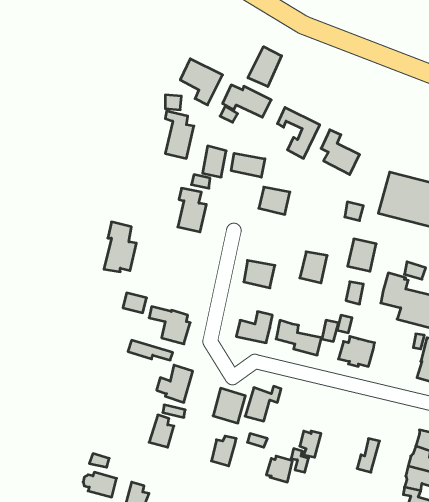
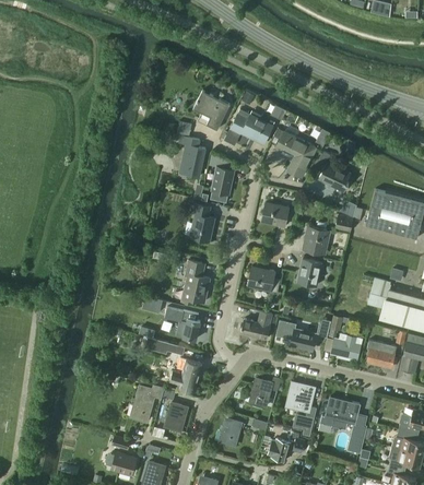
building: [248,47,282,87] -> none
building: [231,153,265,177] -> none
building: [104,222,136,272] -> [181,260,210,304]
building: [348,239,376,271] -> [304,226,329,255]
building: none -> [367,342,396,367]
building: [213,388,245,423] -> [286,381,315,412]
building: none -> [132,385,176,421]
building: none -> [319,400,361,433]

